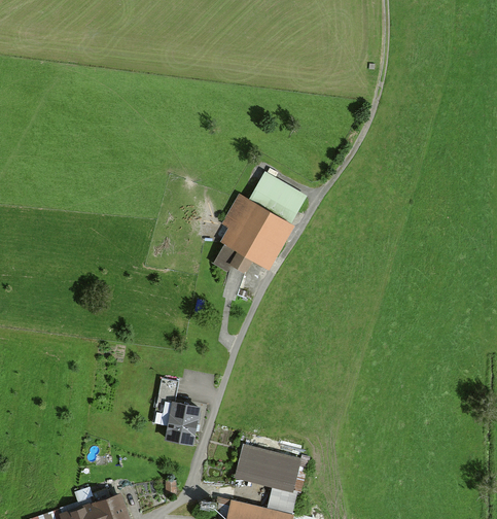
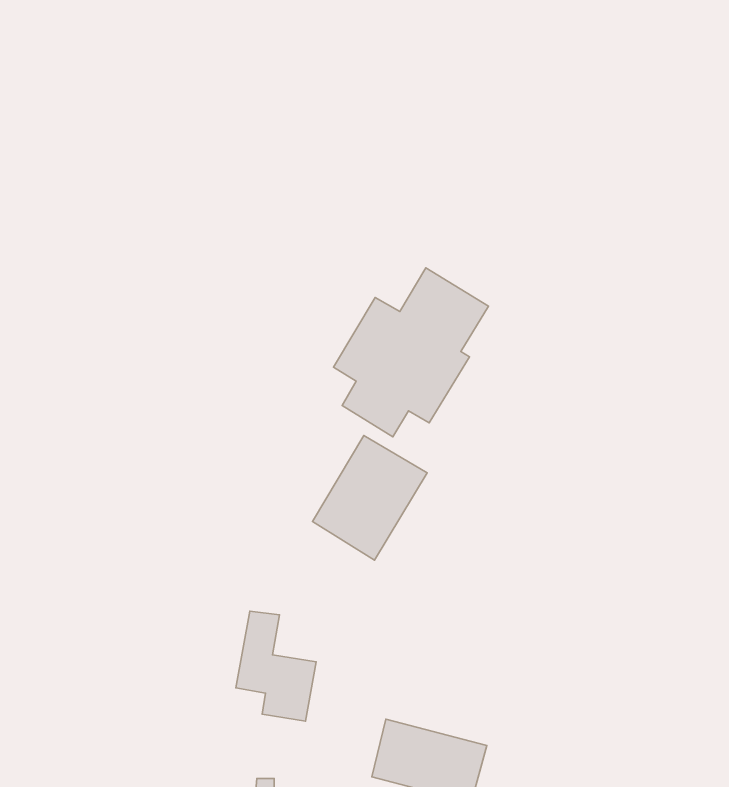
building: none -> [313,436,427,560]

